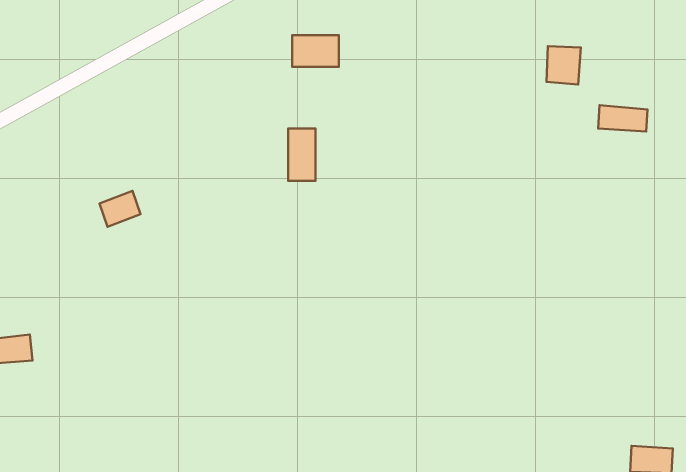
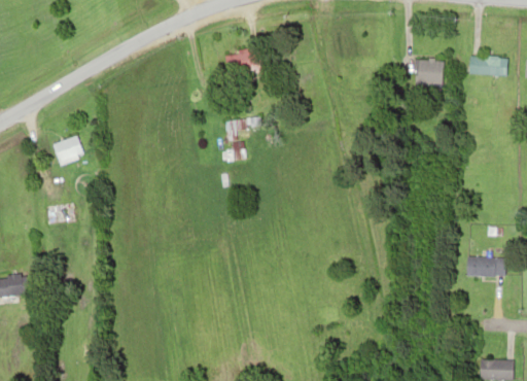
building: [598,105,648,131] -> [468,55,505,74]
building: [99,191,141,227] -> [51,135,82,162]
building: none -> [465,254,504,278]

